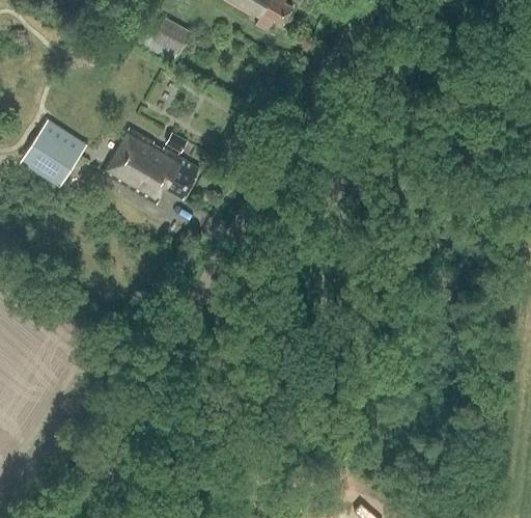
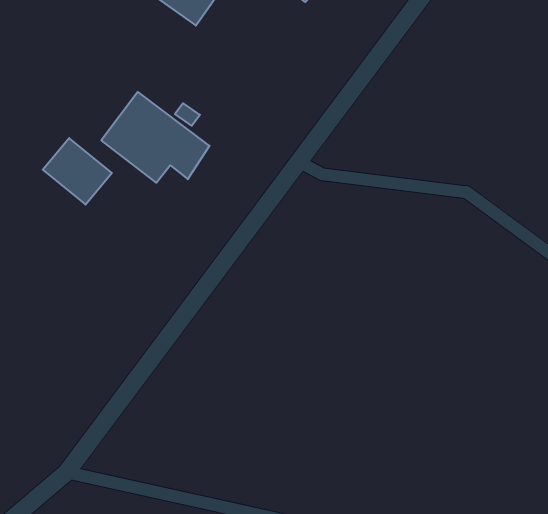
building: [21,128,81,184] -> [43,138,112,205]

